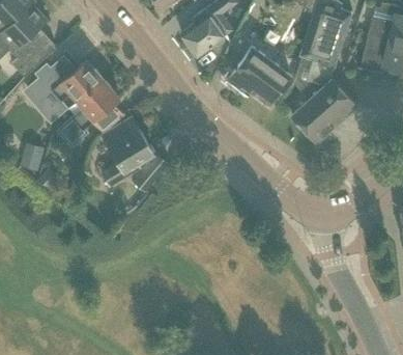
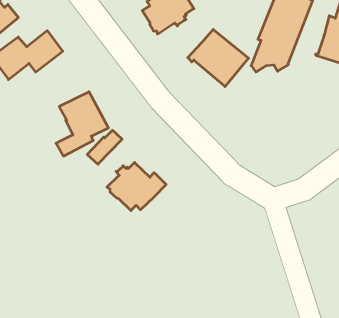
building: [56,79,122,146] -> none
building: [291,79,356,142] -> none
building: none -> [107,162,166,211]

